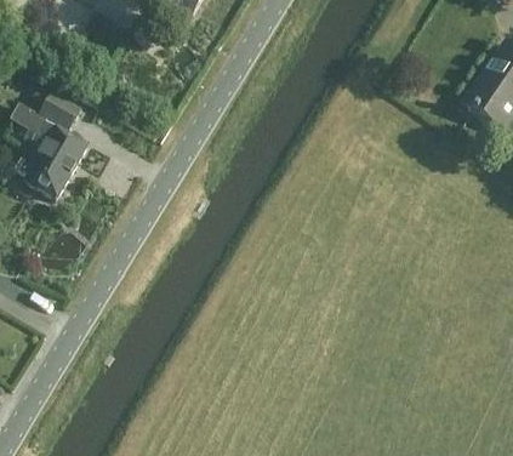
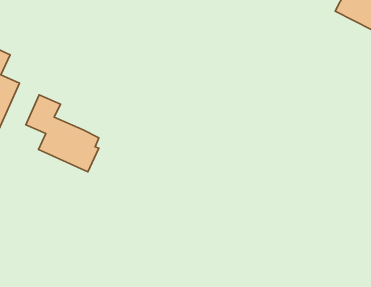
building: none -> [26,95,99,172]

